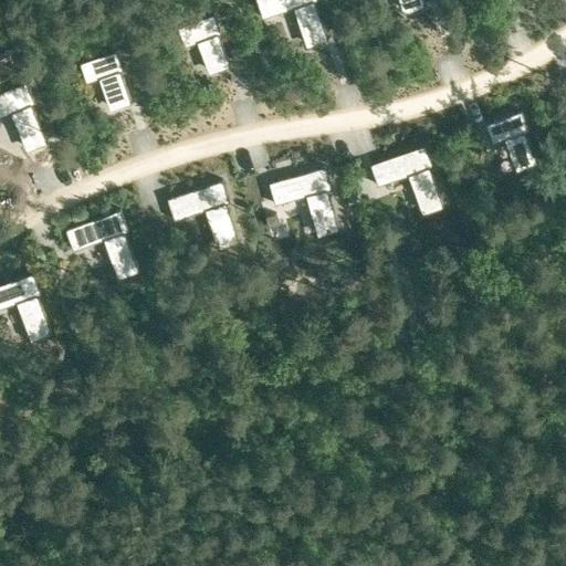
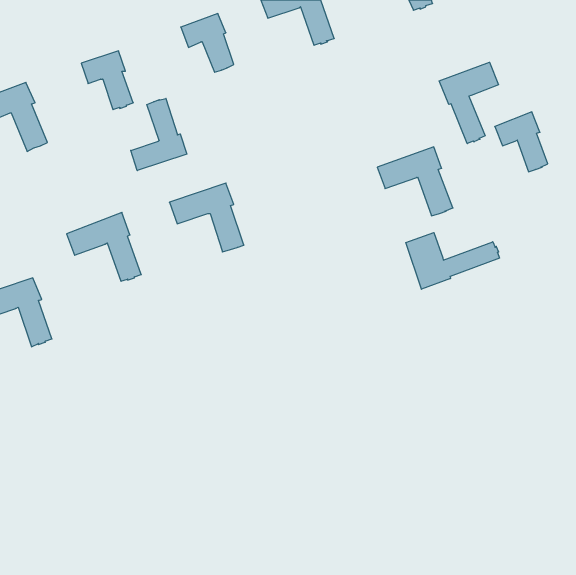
building: none -> [439,62,498,144]
building: none -> [131,98,187,171]
building: [269,168,338,235] -> none
building: none -> [406,233,500,289]

